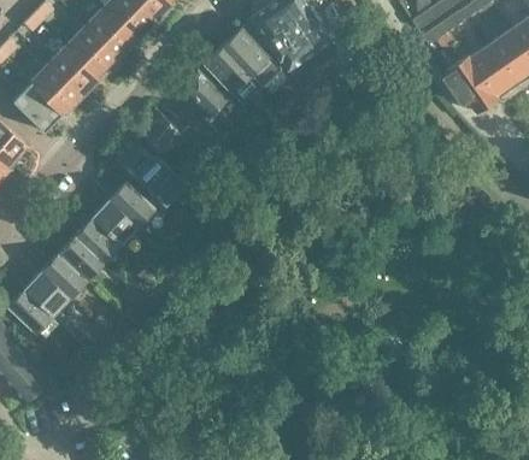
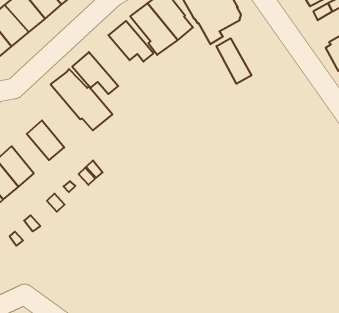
building: none -> [216,38,251,84]
building: [107,182,155,230] -> none
building: [74,218,121,265] -> none

